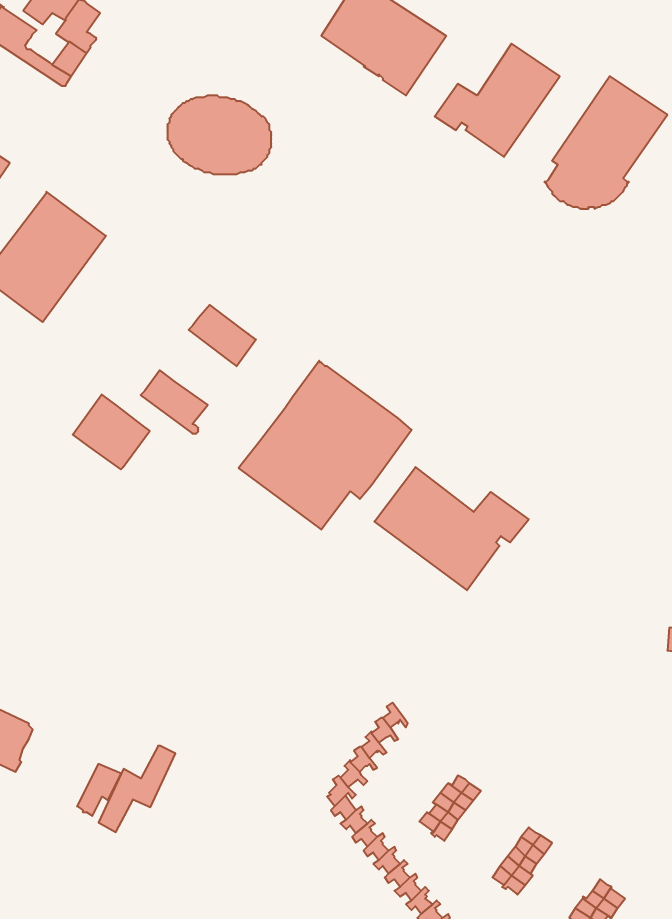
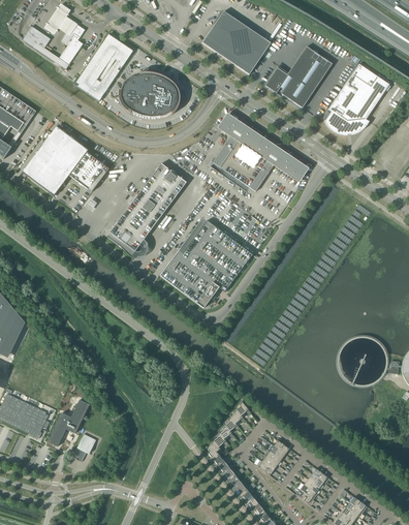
building: none -> [73,34,132,101]
building: none -> [210,115,304,190]
building: none -> [144,162,186,205]
building: [73,394,150,469] -> [117,199,158,240]
building: [374,467,529,590] -> none
building: [99,746,175,832] -> [48,399,89,445]

